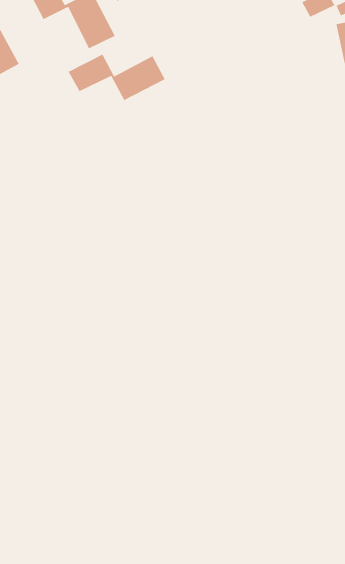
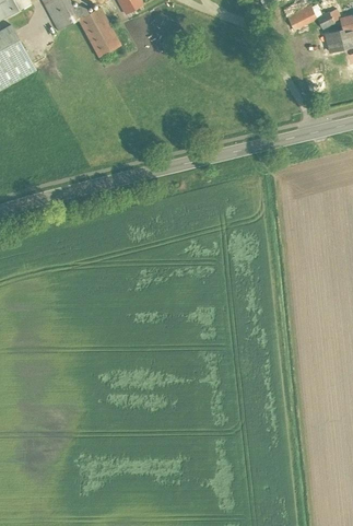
building: [68,53,166,101] -> none

